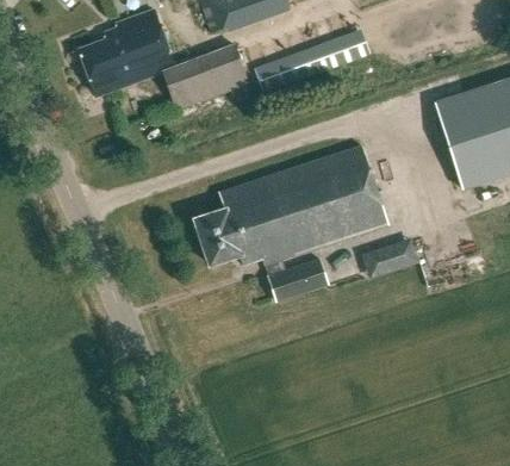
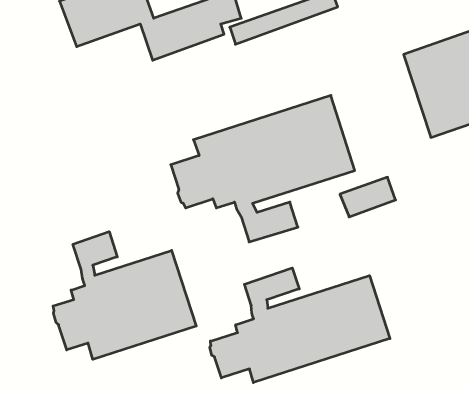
building: none -> [53,232,196,359]
building: none -> [210,268,390,383]

